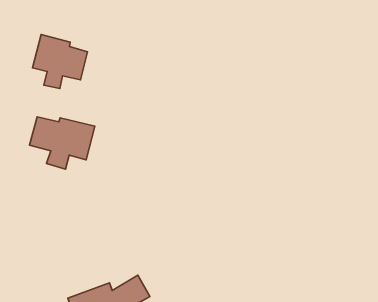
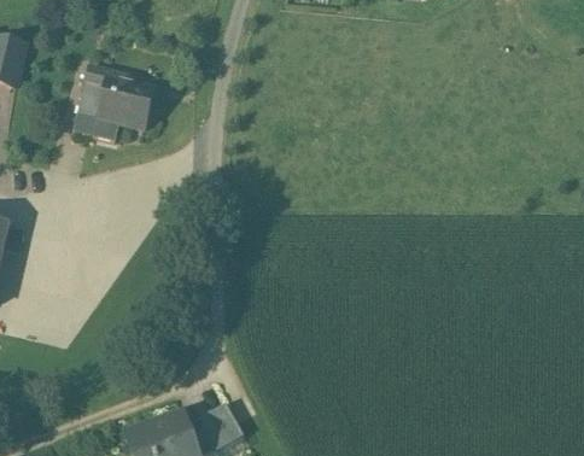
building: [30,117,95,169] -> none

